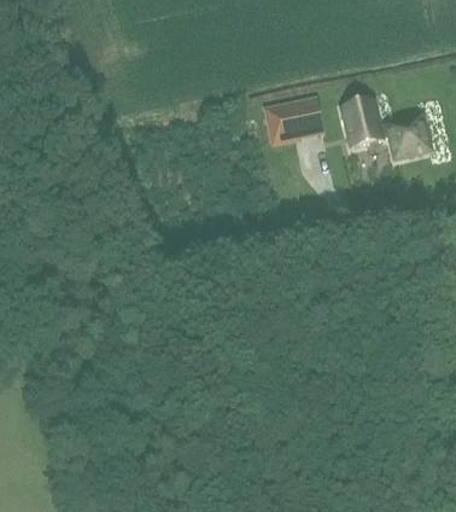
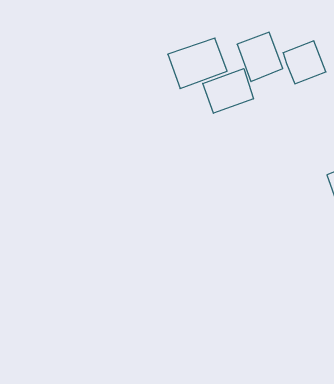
building: none -> [203,69,253,113]

